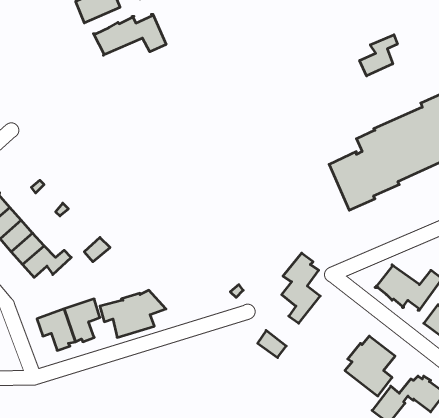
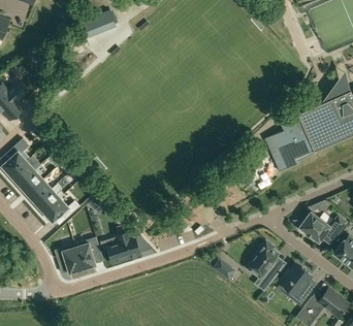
building: [93,14,166,55] -> none
building: [360,35,397,76] -> none
building: [282,253,320,323] -> [252,241,280,292]

